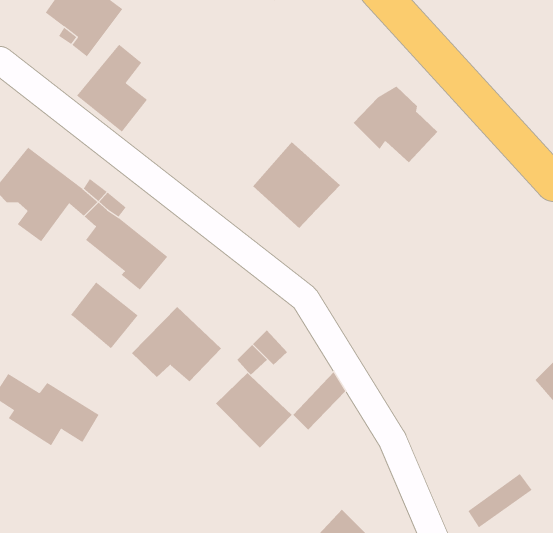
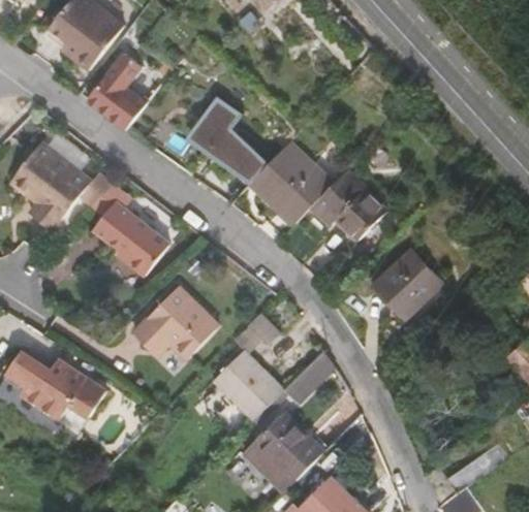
building: [353,86,438,163] -> [305,169,383,241]
building: none -> [183,90,261,175]
building: none -> [372,253,441,320]
building: [70,282,139,349] -> none
building: none -> [243,413,323,493]

